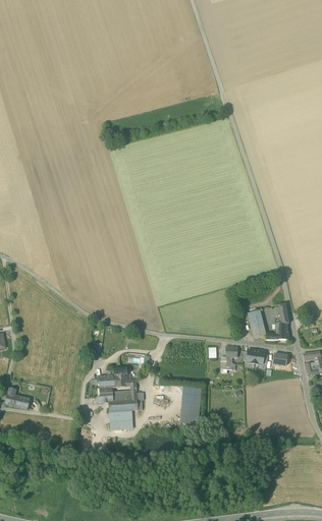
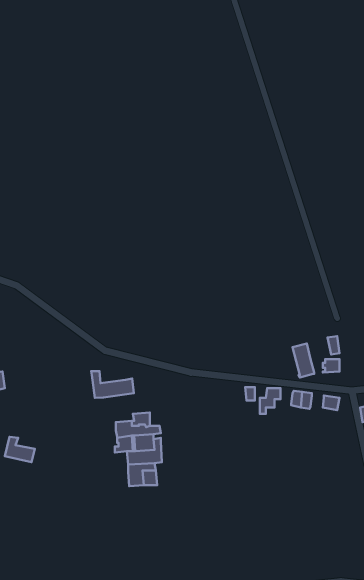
building: none -> [91,371,134,398]
building: [180,386,201,424] -> none

